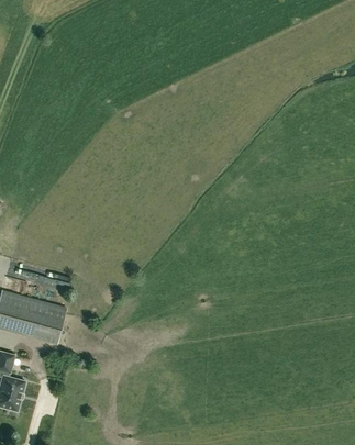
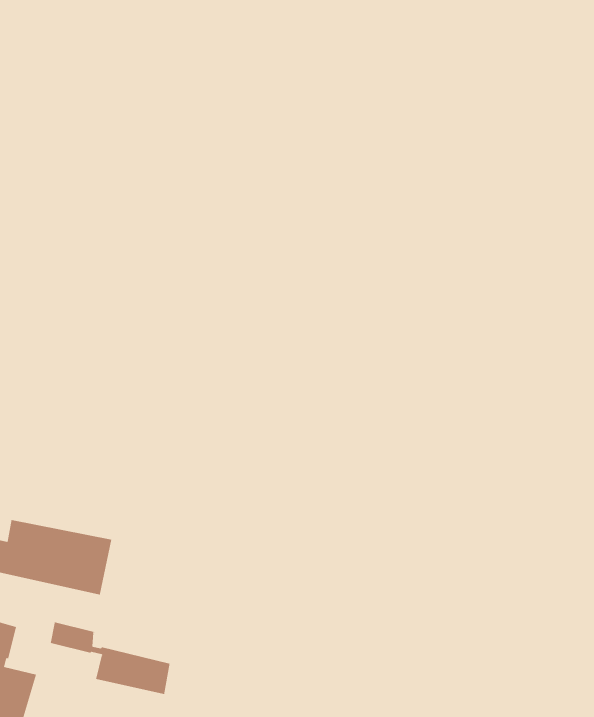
building: none -> [50,621,170,695]

